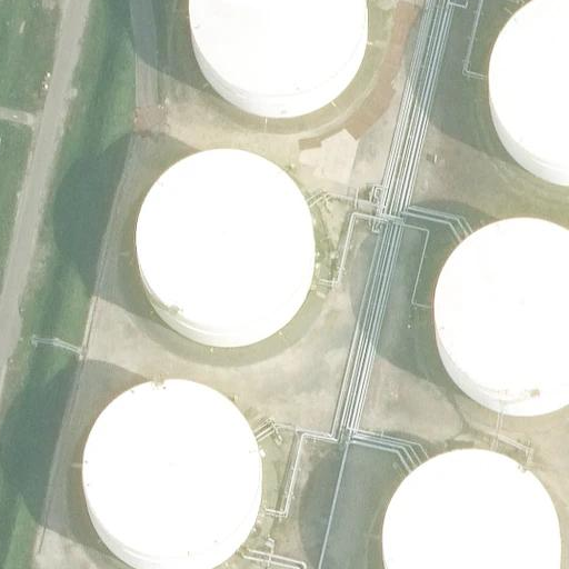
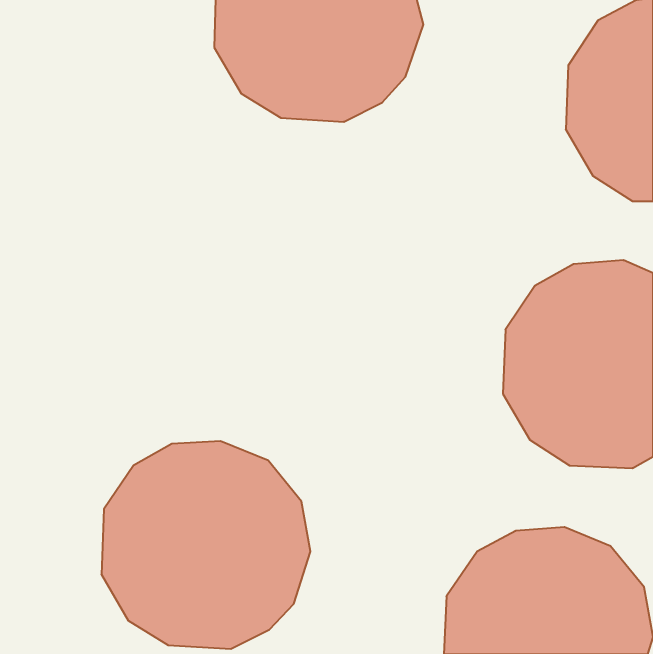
building: [137,156,318,336] -> none

